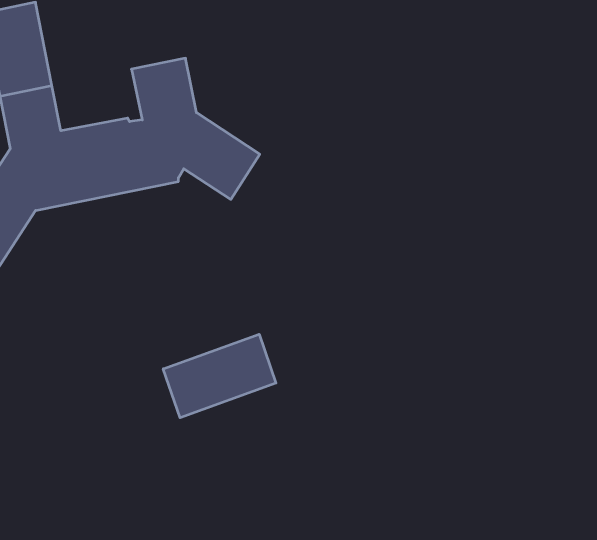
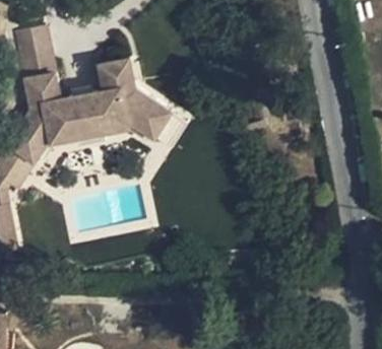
building: [163,334,276,418] -> none

